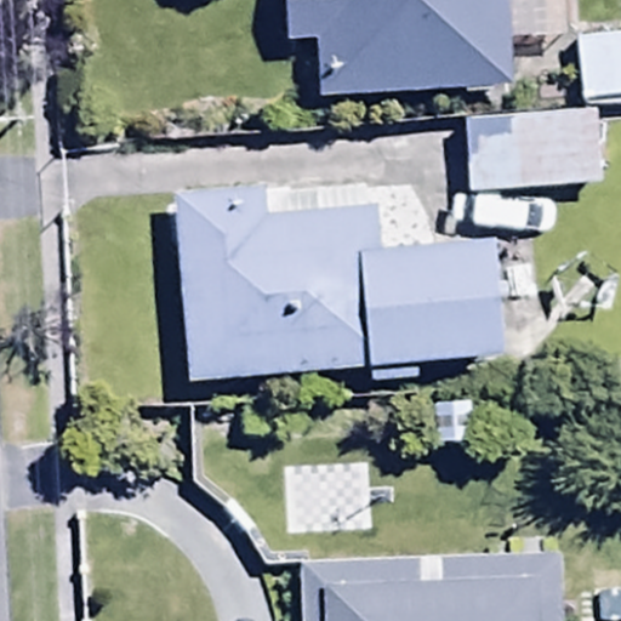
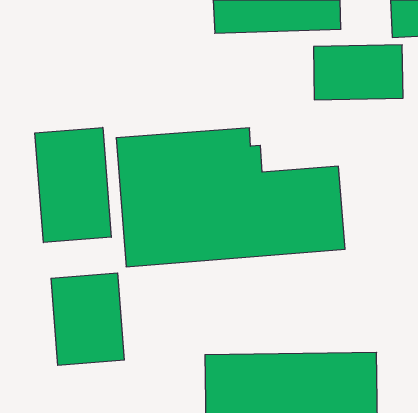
building: none -> [35,127,111,243]
building: none -> [51,273,124,365]

